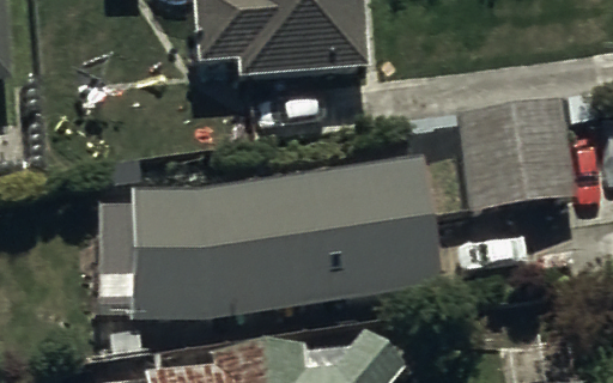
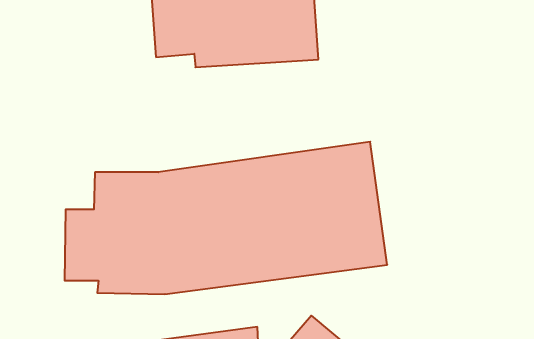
building: [460,95,577,262] -> none

